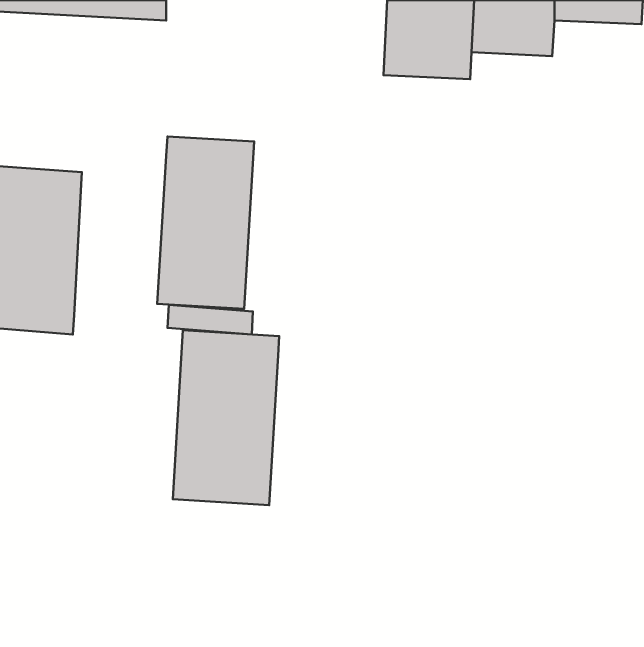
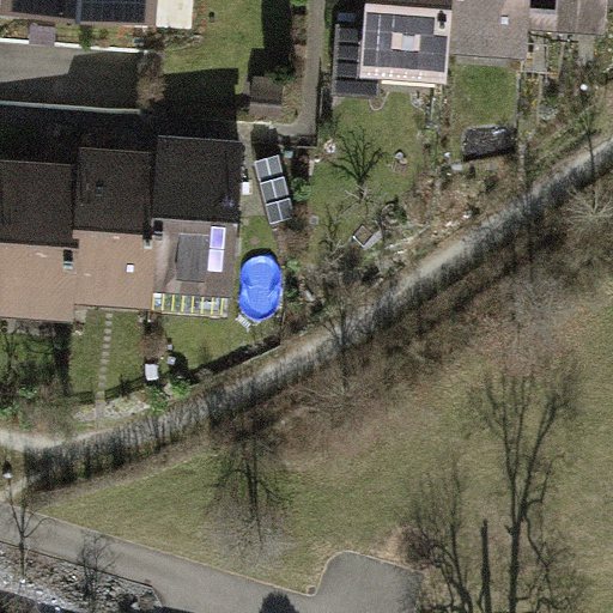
building: none -> [69,146,156,305]
building: [173,330,279,505] -> none

